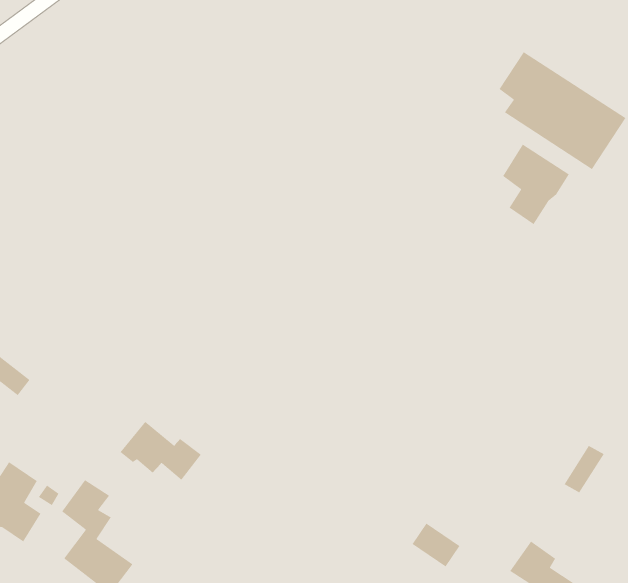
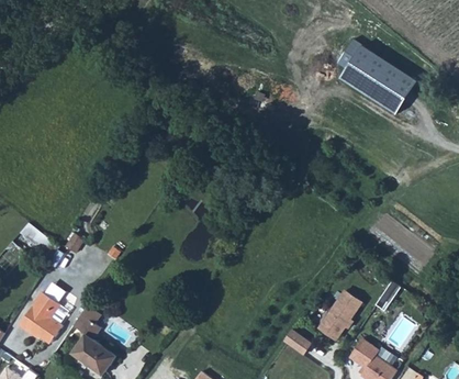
building: [502,143,570,225] -> none
building: [120,421,202,481] -> none
building: none -> [322,288,366,342]

